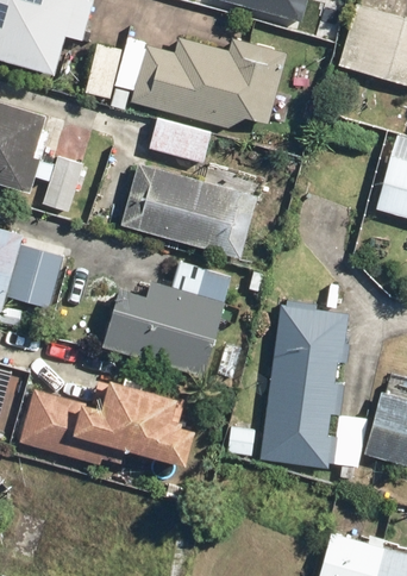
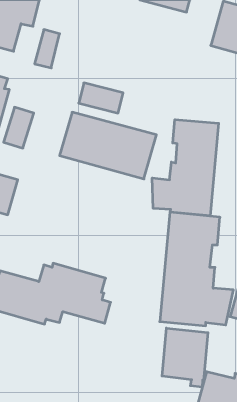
building: [113,33,286,129] -> none
building: none -> [152,120,219,216]
building: [101,262,231,374] -> none
building: none -> [162,328,208,387]

